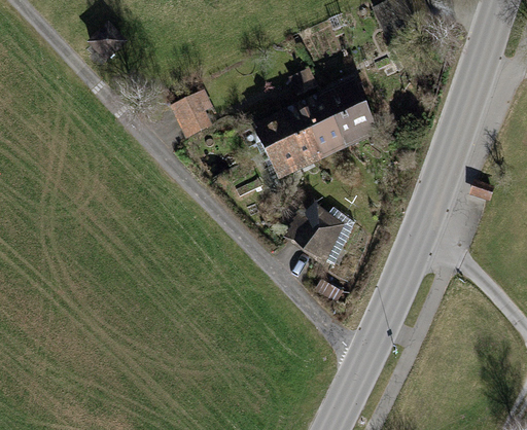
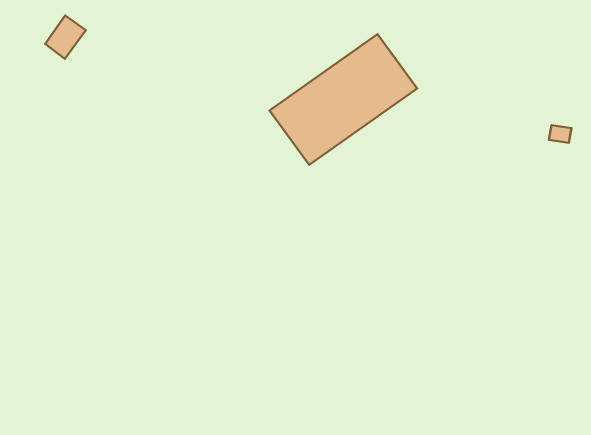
building: [171,85,214,135] -> none
building: [288,200,346,259] -> none

